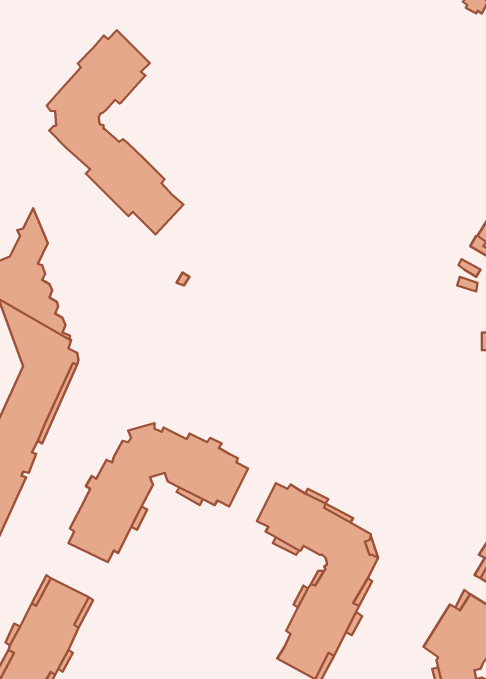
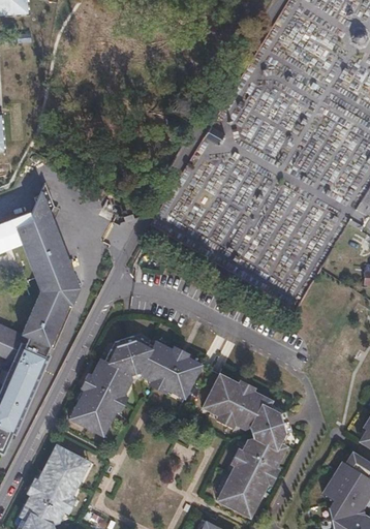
building: [47,30,184,235] -> none

